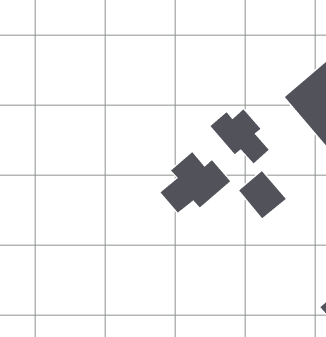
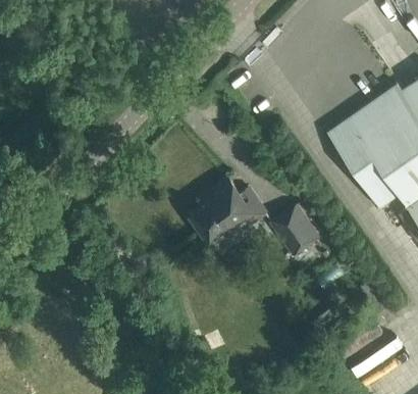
building: [210,108,270,164] -> none

